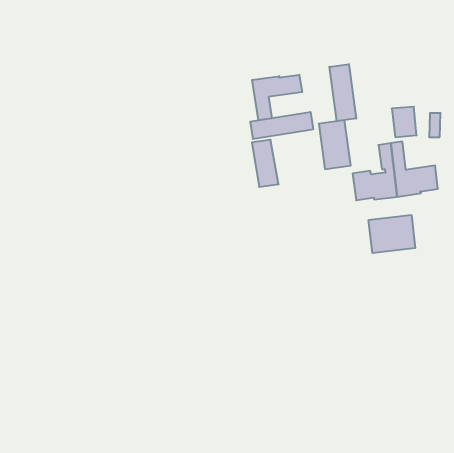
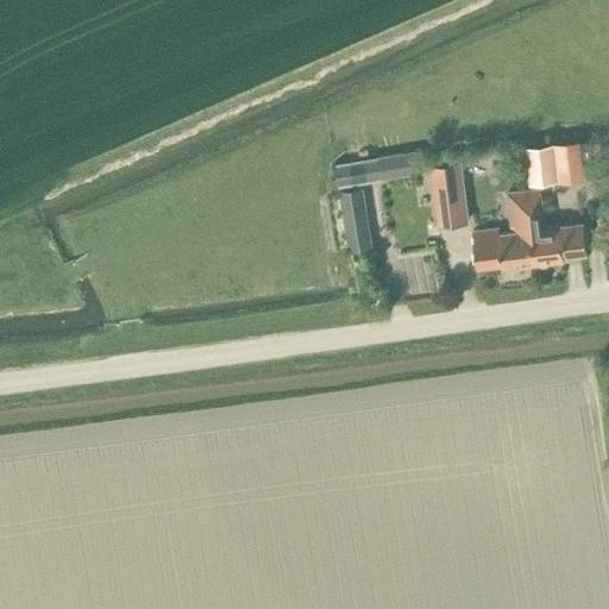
building: [329,64,356,121] -> none
building: [252,75,302,120] -> none
building: [369,215,415,253] -> none

